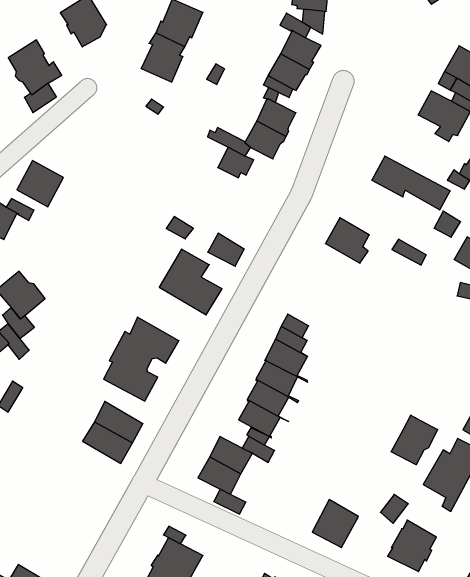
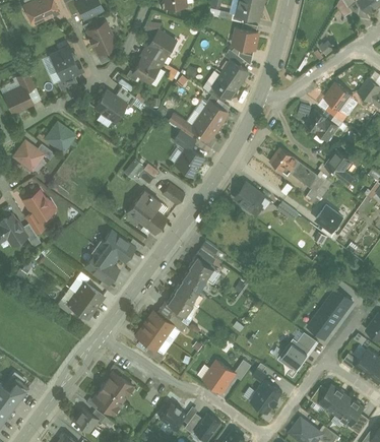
building: none -> [93,90,125,121]
building: none -> [175,146,203,176]
building: [391,415,438,465] -> none

